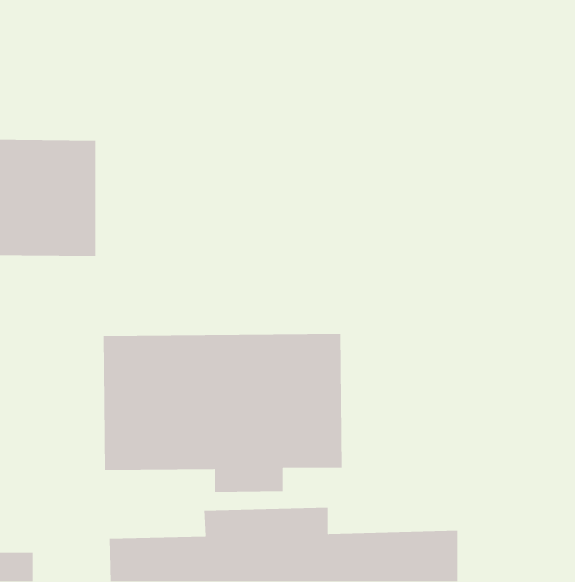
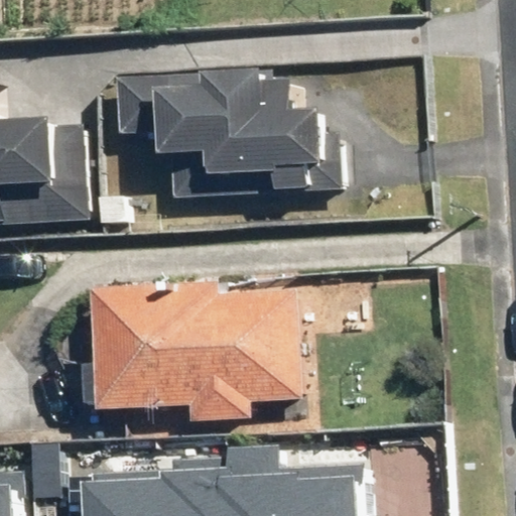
building: none -> [117,76,337,200]

